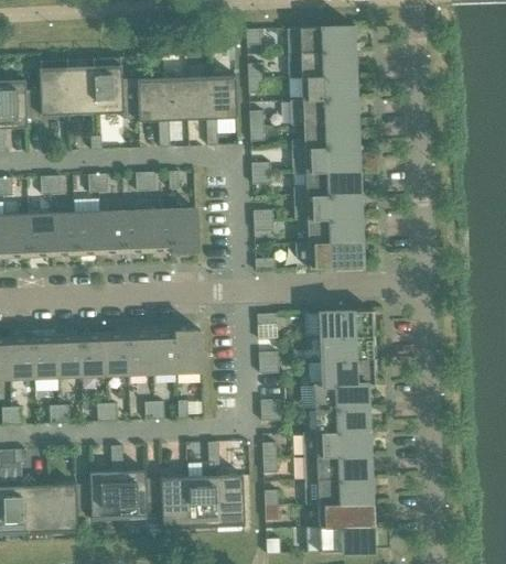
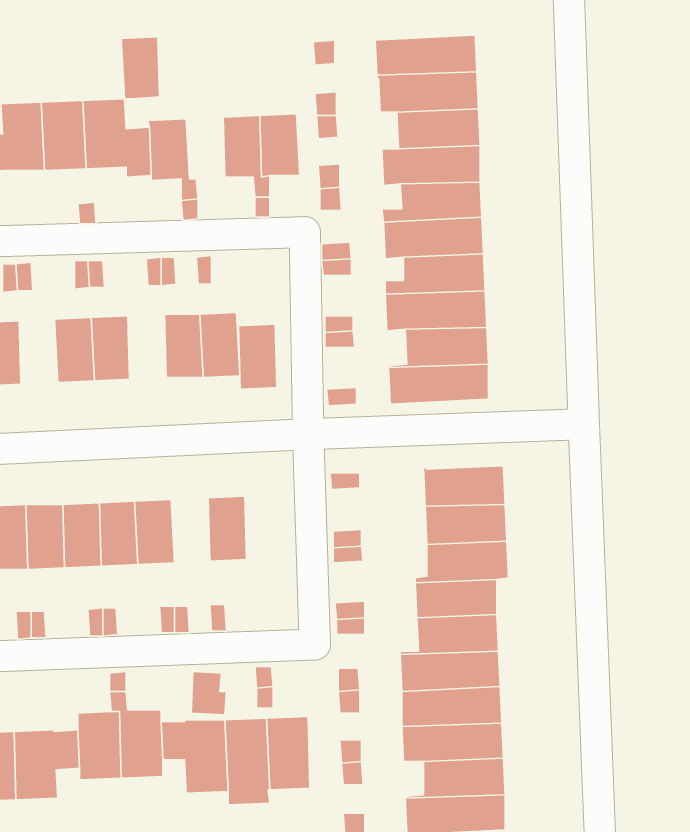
building: [162,78,187,119] -> [121,37,160,99]
building: [123,208,149,251] -> [238,324,277,389]
building: [52,212,77,254] -> none
building: [152,329,177,372] -> none

